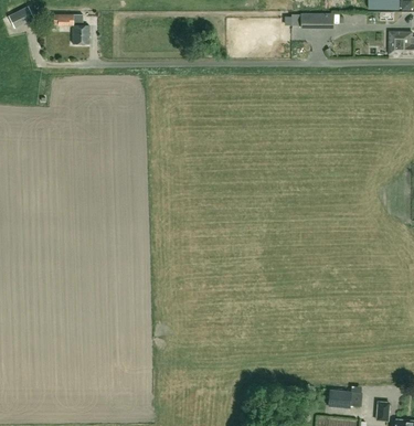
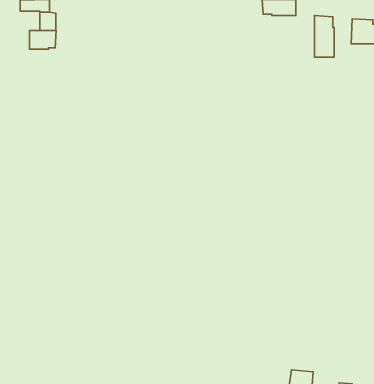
building: none -> [314,16,334,57]
building: none -> [29,31,56,49]

